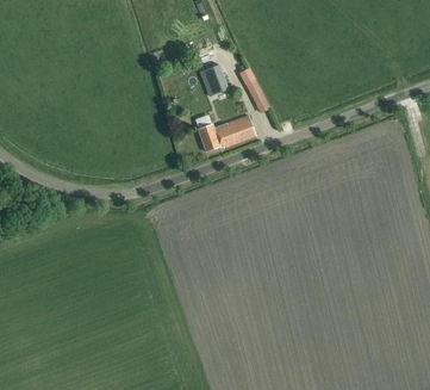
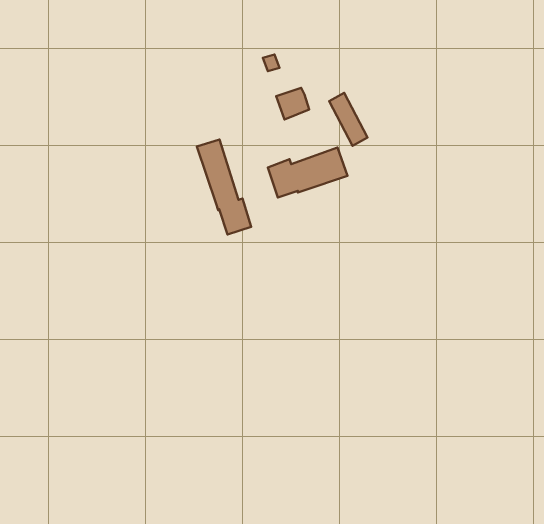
building: none -> [197,140,251,235]

